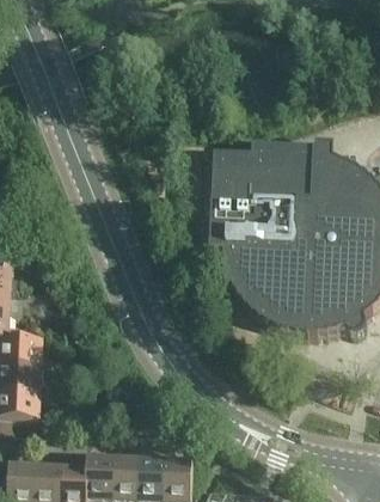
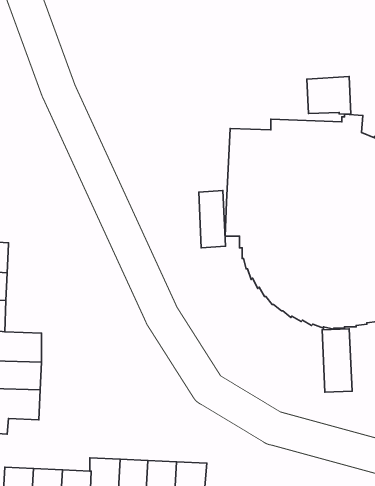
building: none -> [307,77,351,114]
building: none -> [199,191,226,248]
building: none -> [322,329,352,392]

